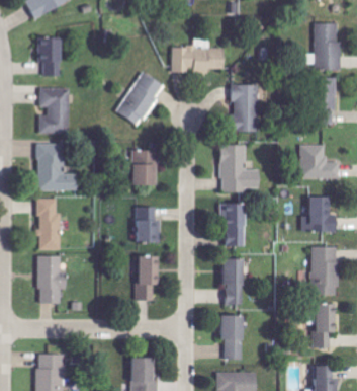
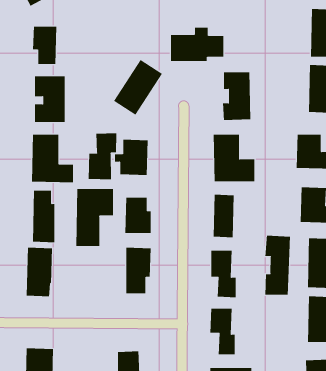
building: none -> [88,133,117,180]
building: none -> [76,188,114,247]
building: none -> [265,235,290,296]

